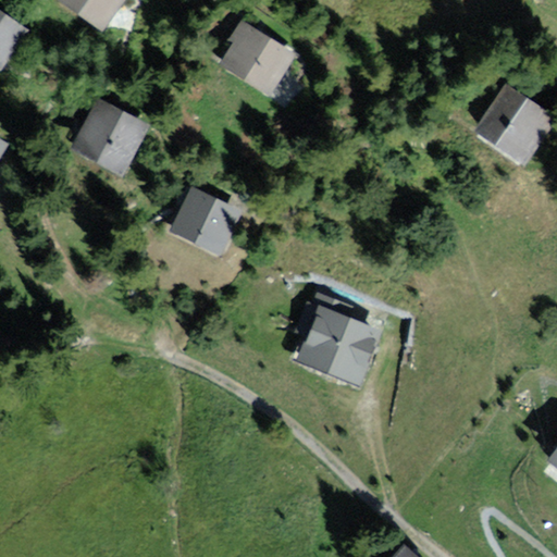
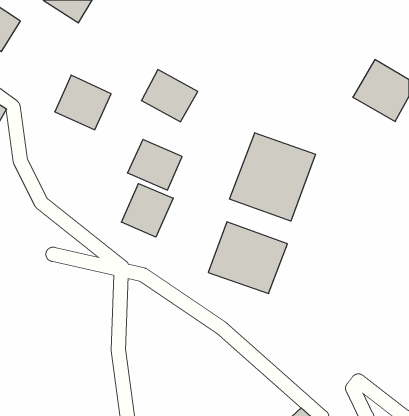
building: [220,23,295,92] -> [141,70,198,122]
building: none -> [230,133,315,221]
building: none -> [121,184,173,237]

